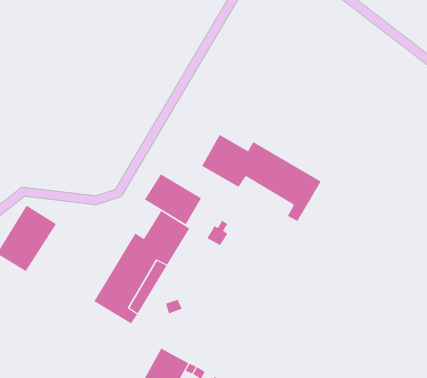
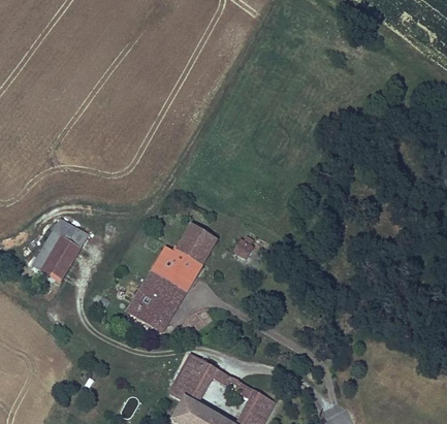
building: [201,134,321,222] -> none
building: [144,173,202,225] -> none

